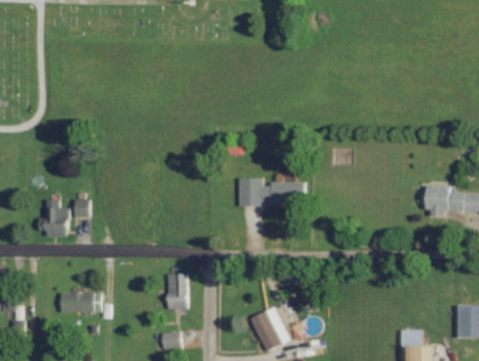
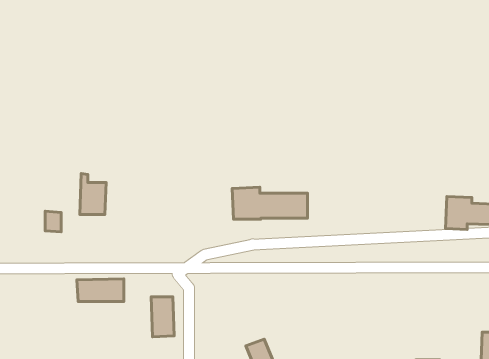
building: [45,200,68,236] -> [80,173,106,215]
building: [60,292,101,312] -> [77,279,124,302]

